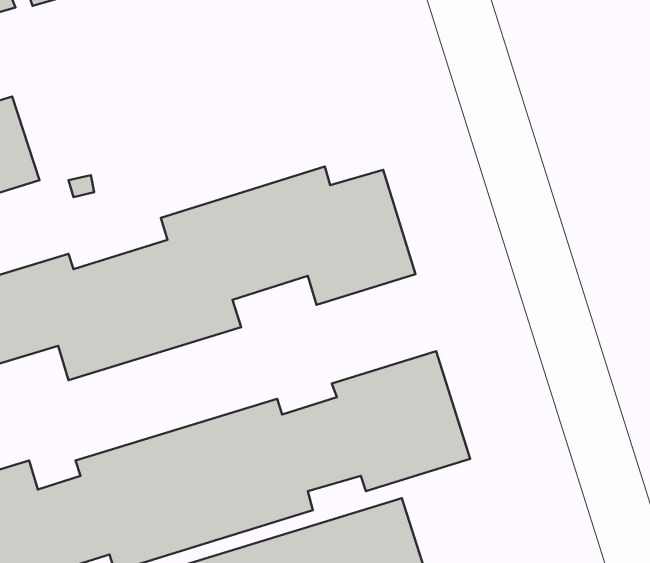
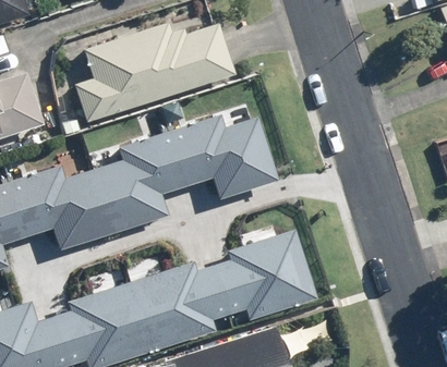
building: none -> [74,19,235,119]

